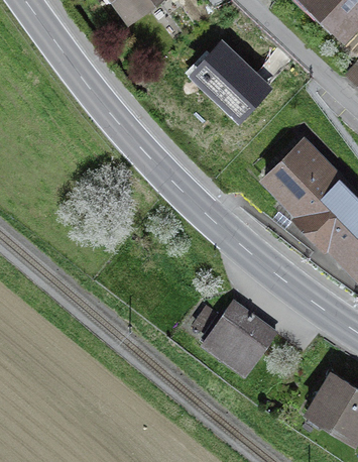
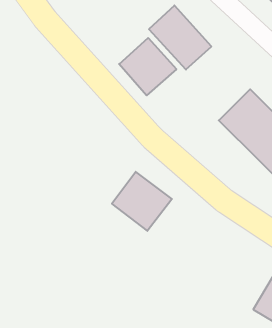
building: none -> [119,38,176,95]
building: [207,305,280,377] -> [112,172,172,231]

